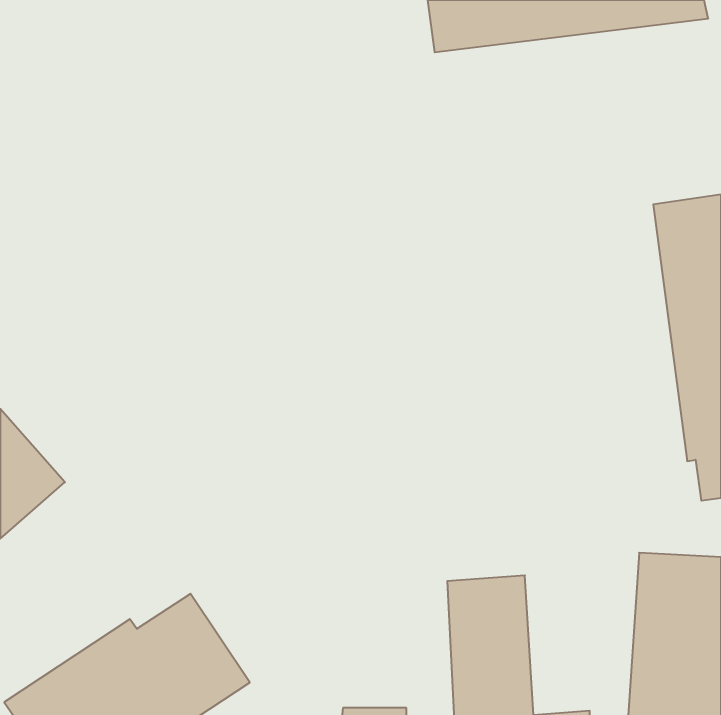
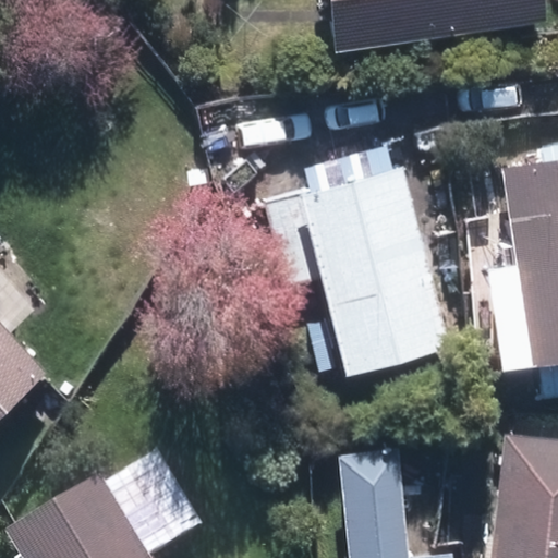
building: none -> [268,160,445,372]

